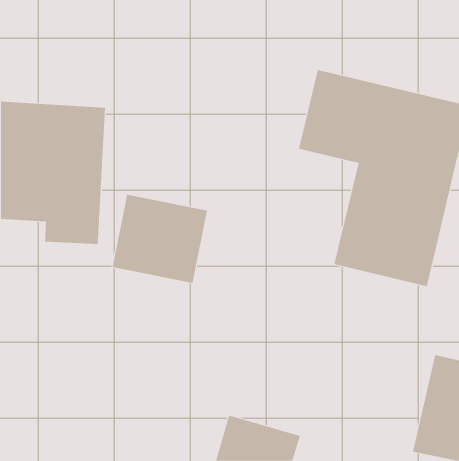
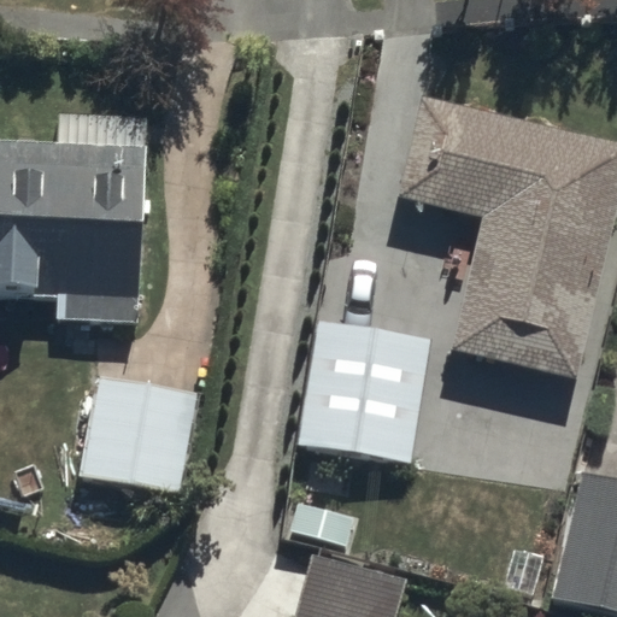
building: [112,194,208,283] -> [74,375,201,494]
building: none -> [298,319,429,466]

